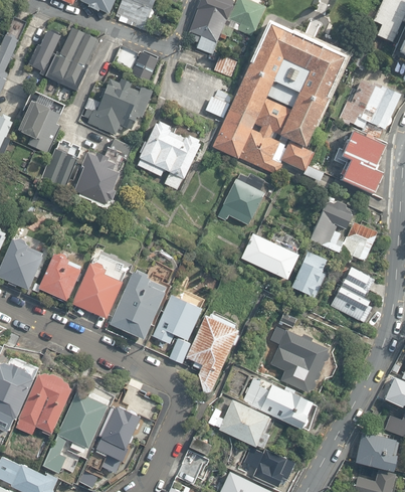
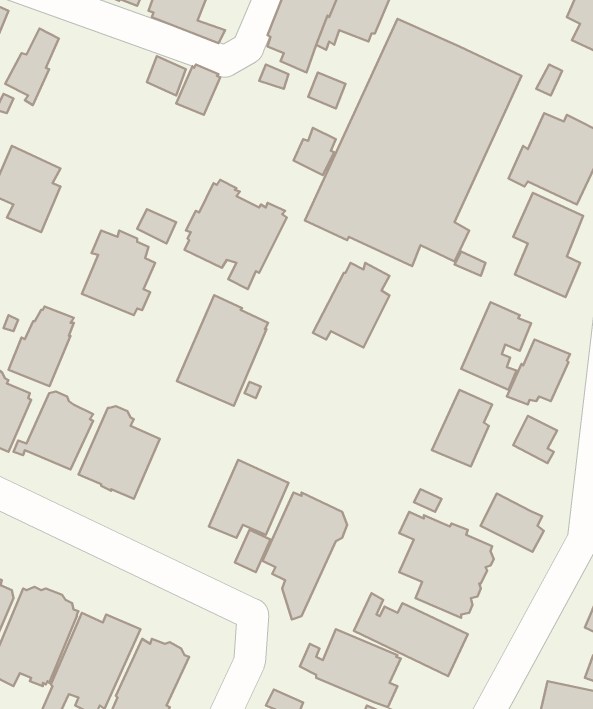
building: [44,28,94,90] -> none
building: [83,79,153,136] -> none
building: [40,140,80,189] -> [9,307,74,386]
building: [241,232,300,279] -> none
building: [110,271,166,339] -> [177,295,268,406]
building: [331,286,370,322] -> [480,493,544,552]

